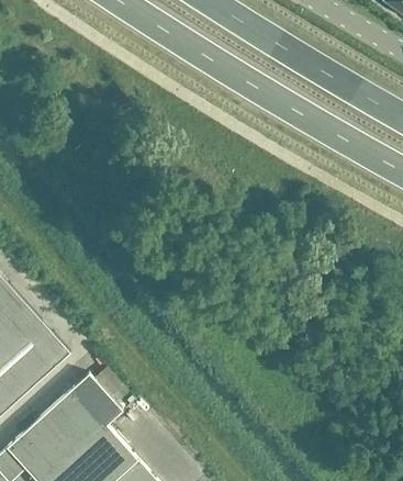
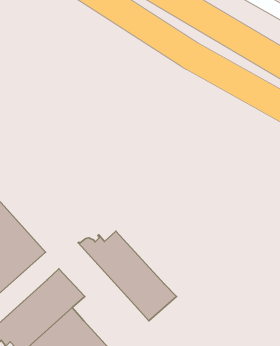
building: none -> [78,231,177,321]

